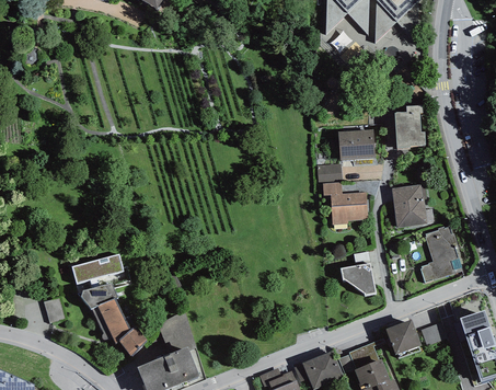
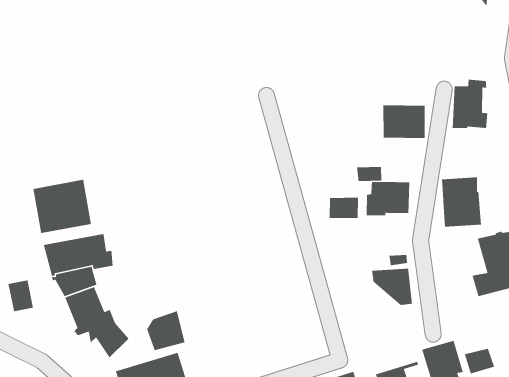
building: [316,163,342,183] -> [329,197,359,219]
building: none -> [33,179,92,234]

